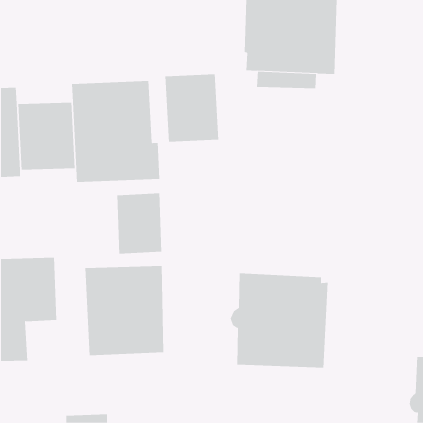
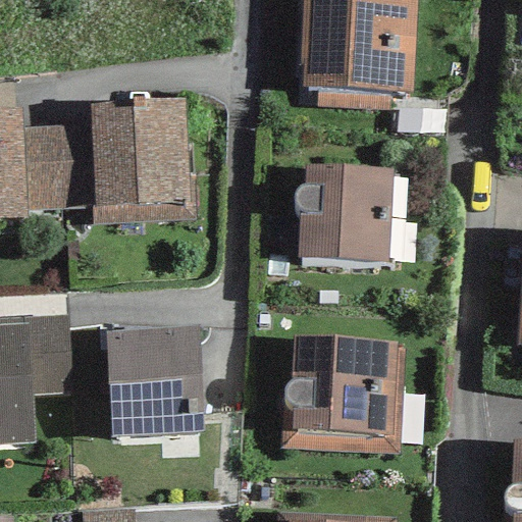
building: [165,74,219,142] -> none
building: none -> [293,164,393,262]
building: [117,192,162,255] -> none

